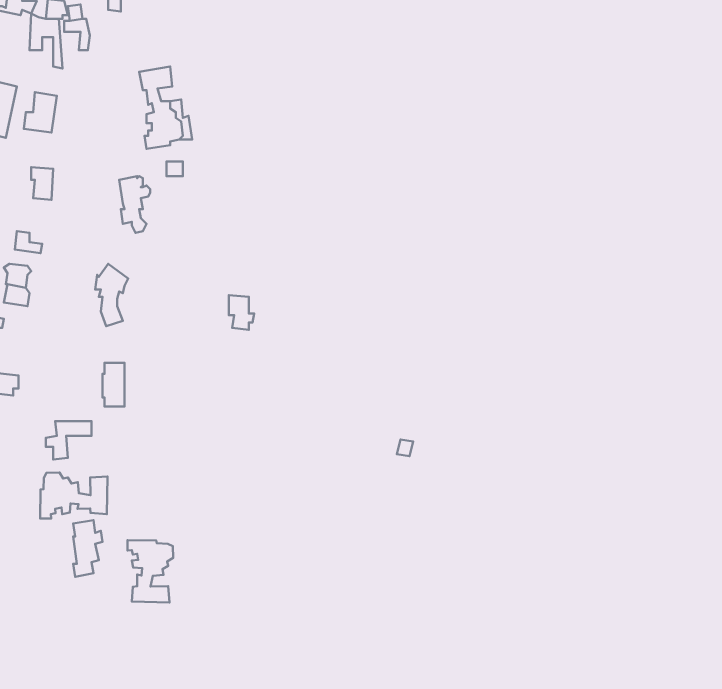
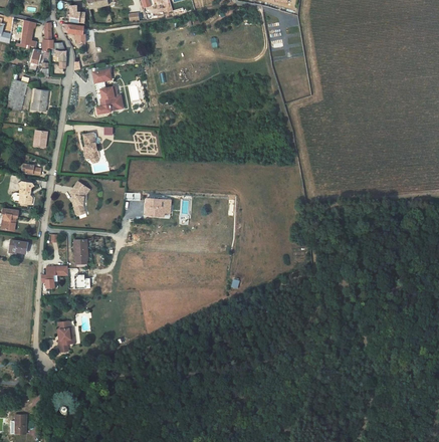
building: [40,473,108,518] -> none
building: [127,540,173,602] -> none

